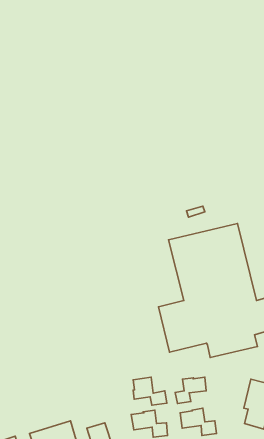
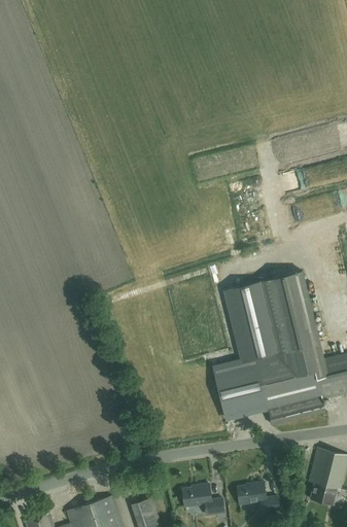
building: [175,377,206,404] -> none
building: [133,377,167,405] -> none

